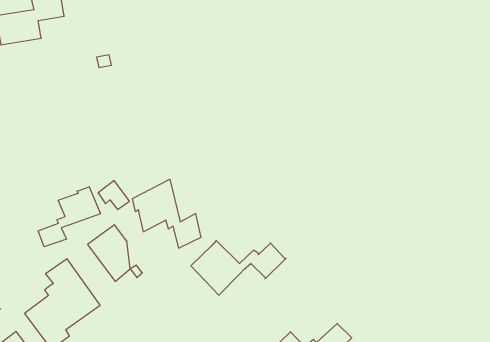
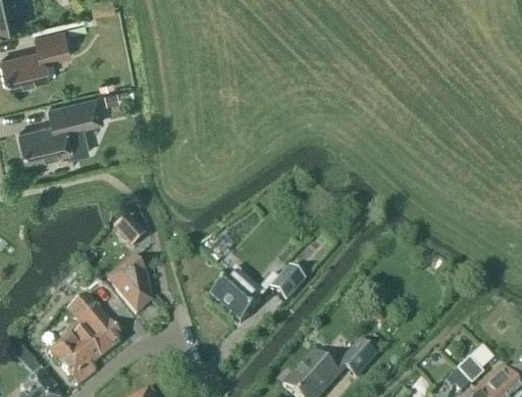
building: none -> [18,95,103,163]
building: [132,179,201,248] -> none
building: [38,187,101,247] -> none

